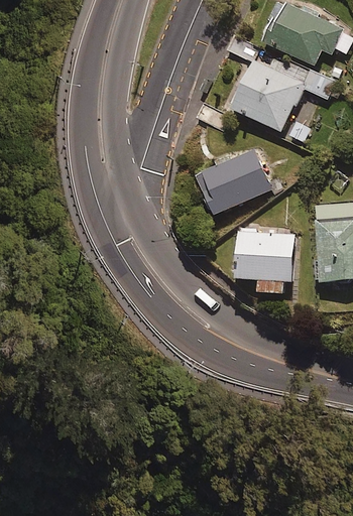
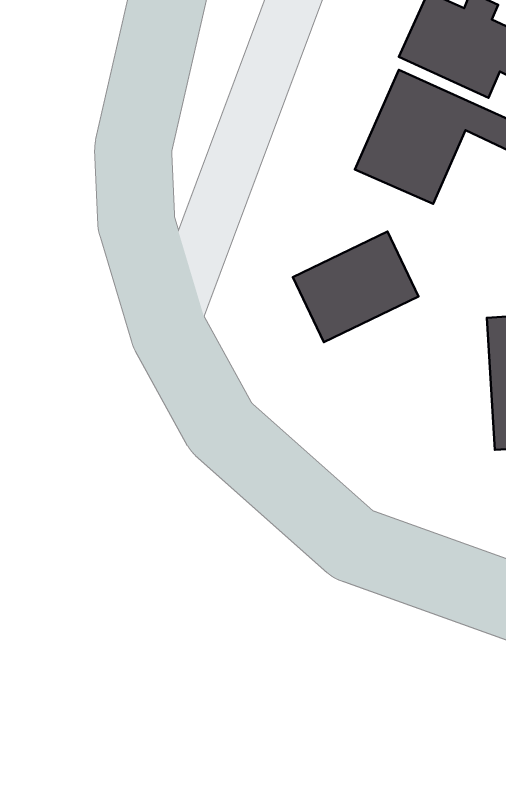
building: [237,225,293,294] -> none

